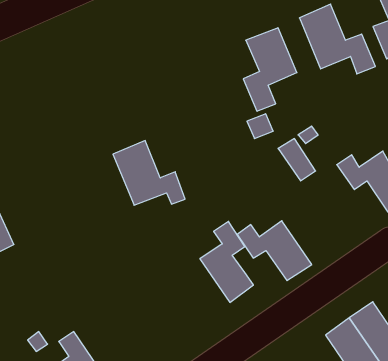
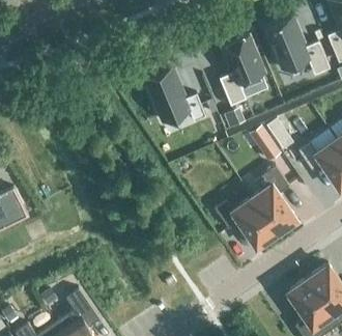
building: [113,141,185,205] -> [145,67,205,121]
building: [200,221,253,302] -> [252,165,296,232]

